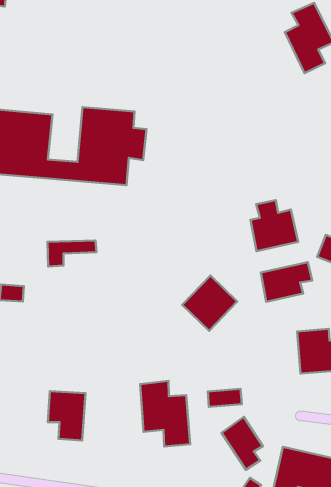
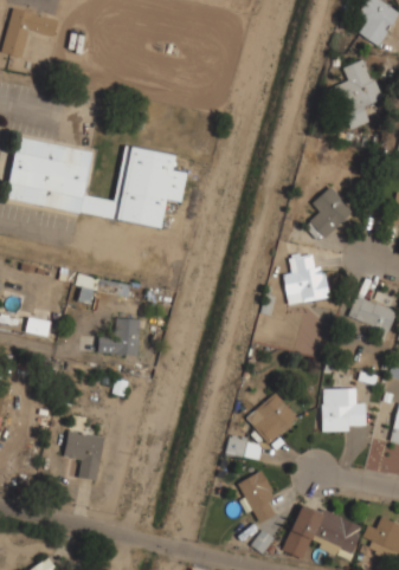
building: none -> [305,186,354,241]
building: [261,262,312,302] -> none
building: [182,275,237,331] -> [245,390,301,446]
building: none -> [98,317,140,356]
building: [140,381,190,446] -> none

